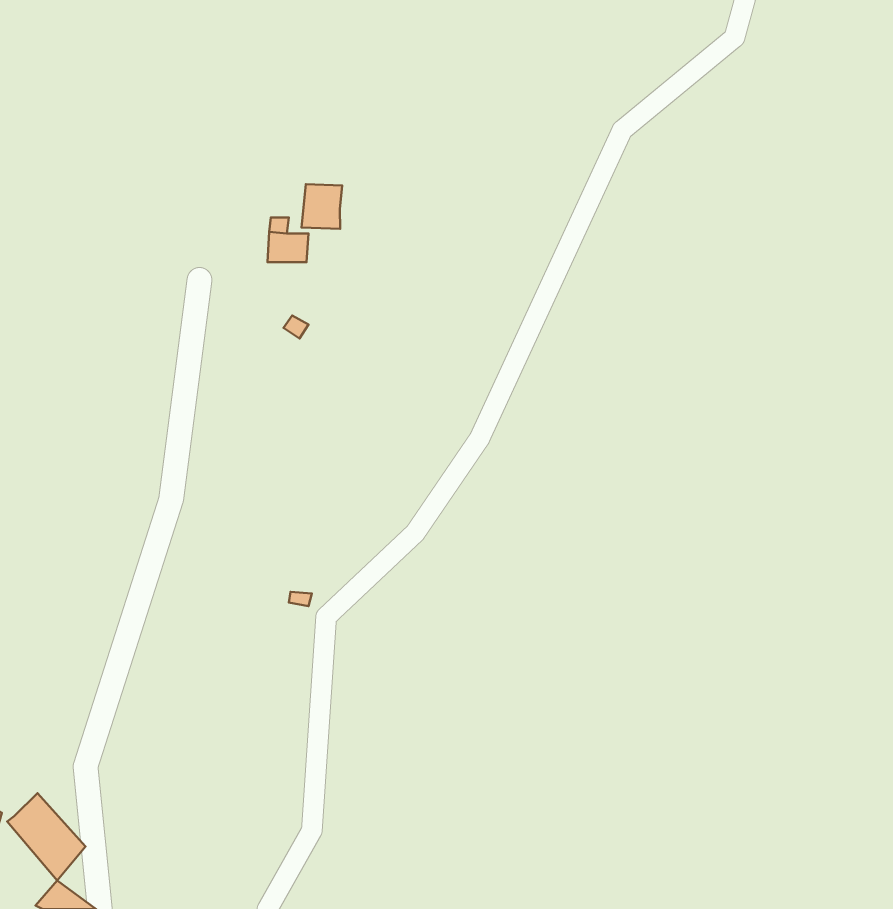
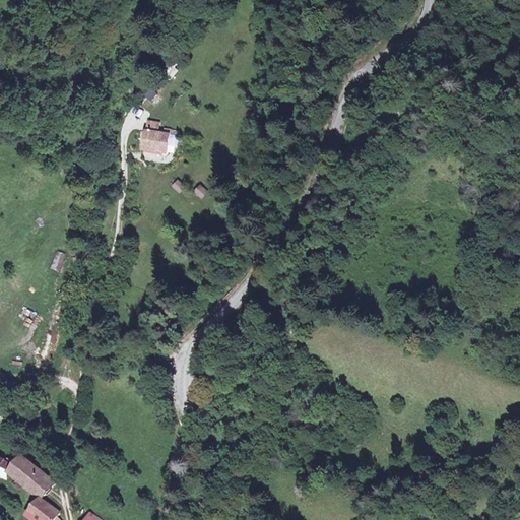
building: [301,184,342,229] -> none

